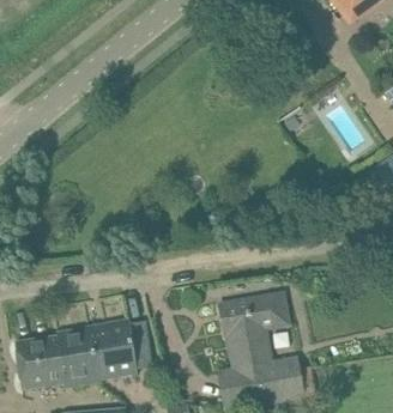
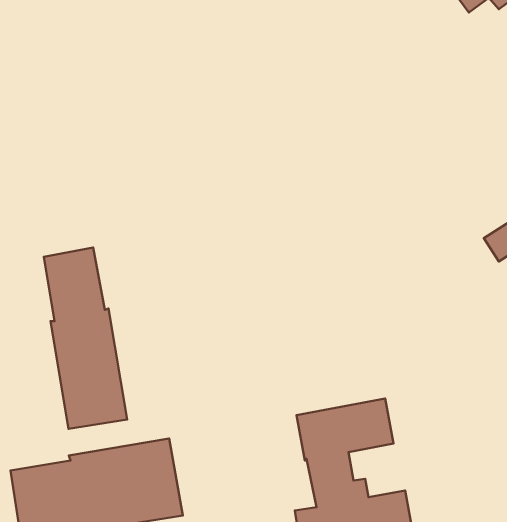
building: none -> [44,248,127,429]

